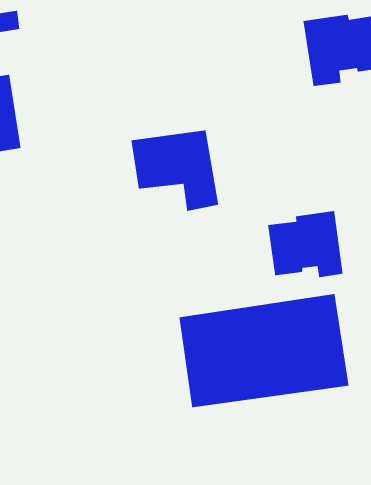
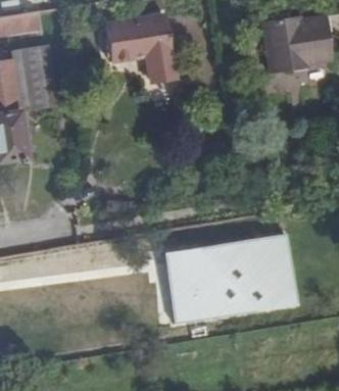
building: [130,130,219,212] -> [104,13,174,78]
building: [267,210,344,278] -> none

